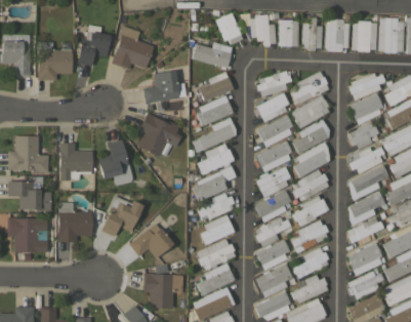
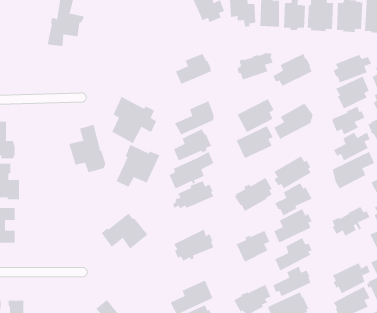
building: [112,26,154,70] -> none
building: [37,42,72,80] -> none
building: [192,42,232,68] -> none
building: [143,71,179,104] -> none
building: [256,93,289,123] -> none
building: [197,95,233,126] -> none
building: [291,95,329,129] -> none
building: [294,142,329,177] -> none
building: [60,143,93,180] -> none
building: [255,166,291,197] -> none
building: [347,192,384,226] -> none
building: [101,195,143,236] -> [116,144,160,187]
building: [57,202,92,242] -> none
building: [201,214,235,245] -> none
building: [255,217,291,247] -> none
building: [348,243,382,276] -> none
building: [197,263,235,295] -> none
building: [255,265,292,297] -> none
building: [143,273,183,309] -> none

